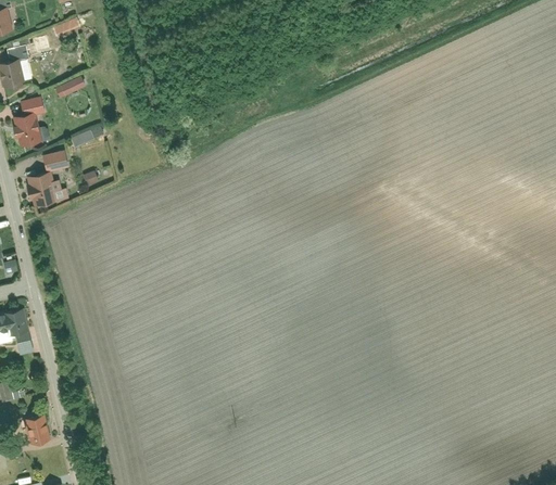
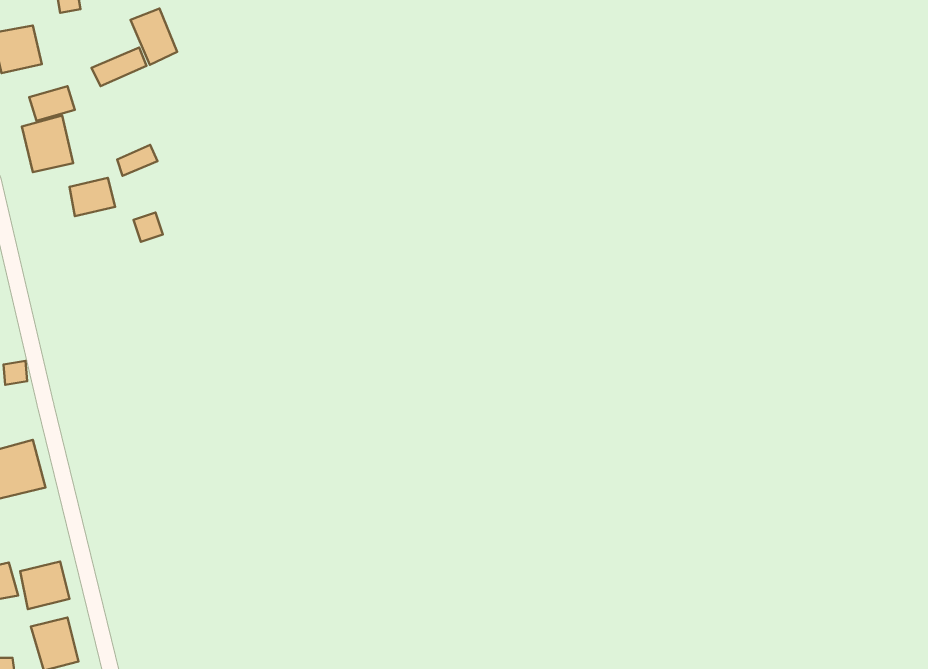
building: none -> [131,9,177,65]
building: [27,174,59,208] -> none
building: none -> [20,561,70,609]

